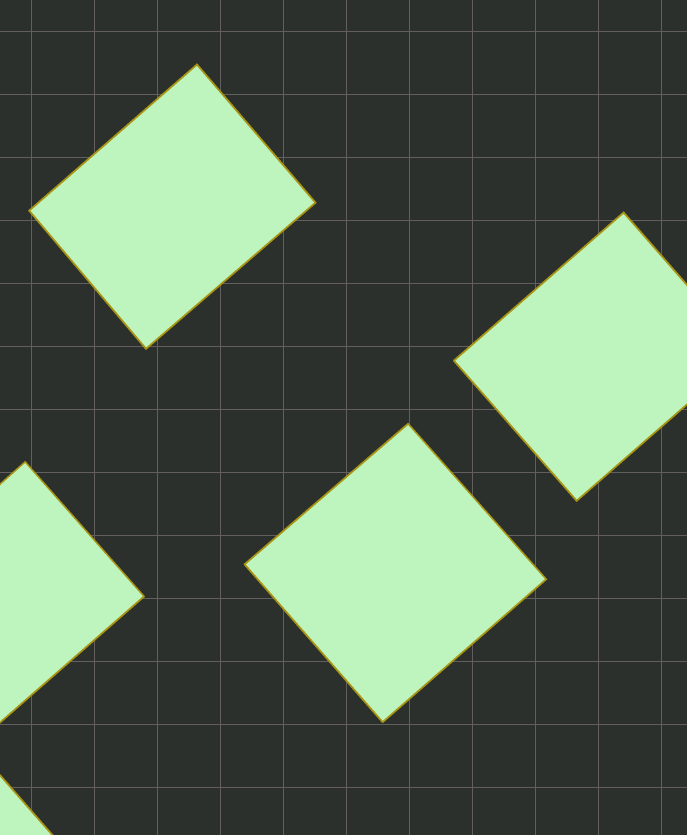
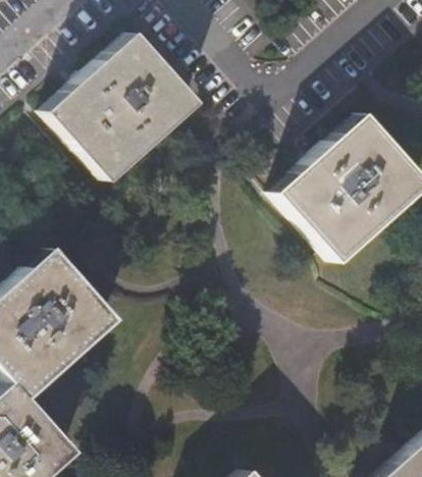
building: [245,424,546,722] -> none

